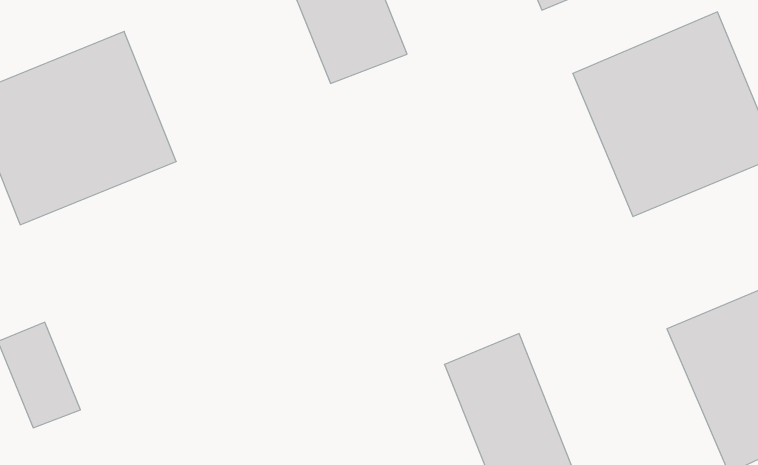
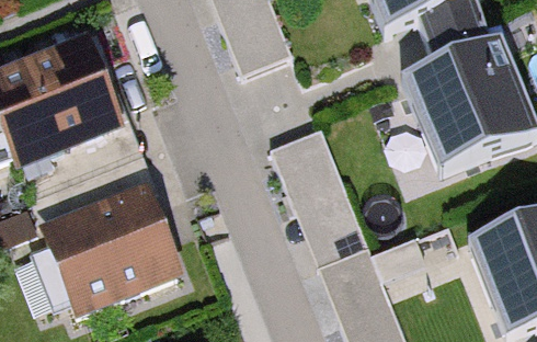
building: none -> [266,123,364,261]
building: none -> [54,191,194,320]

